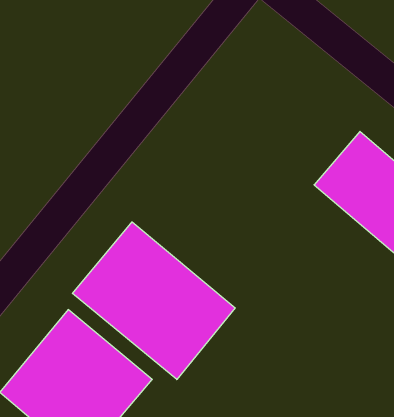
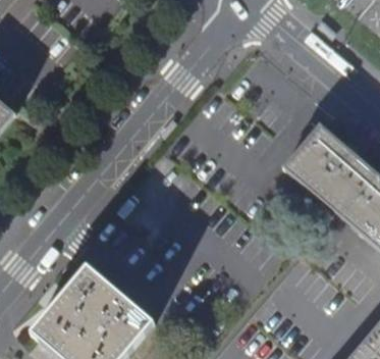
building: [72,222,235,380] -> none

